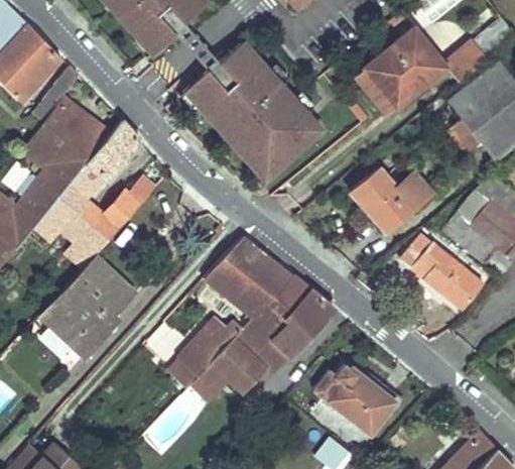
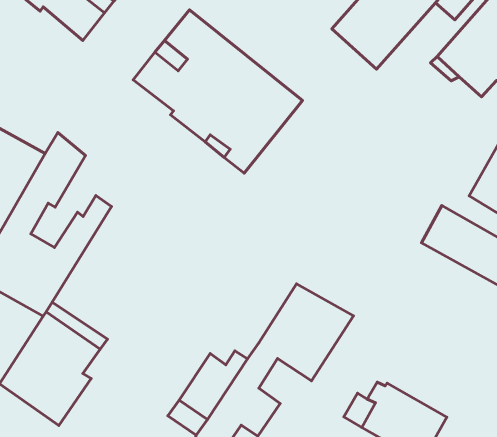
building: [351,166,433,232] -> none
building: [205,236,292,318] -> none
building: [248,333,291,376] -> none

